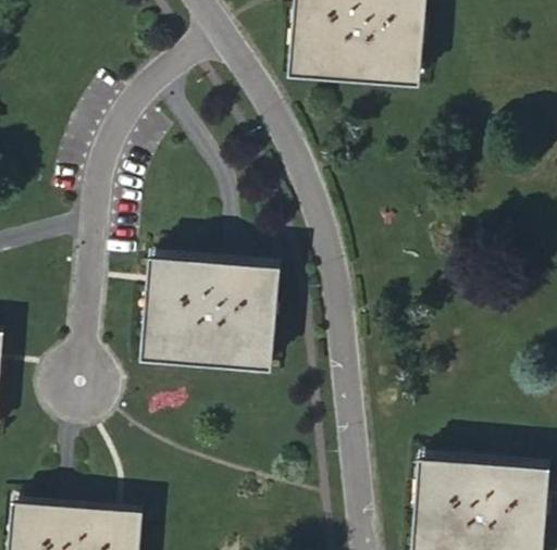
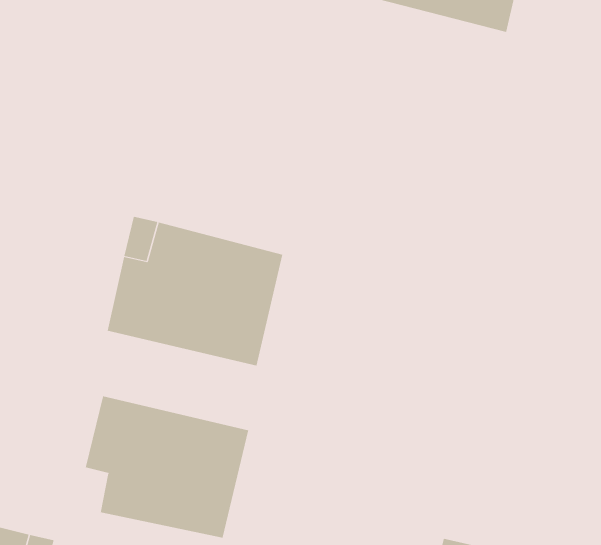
building: none -> [85,395,249,539]

